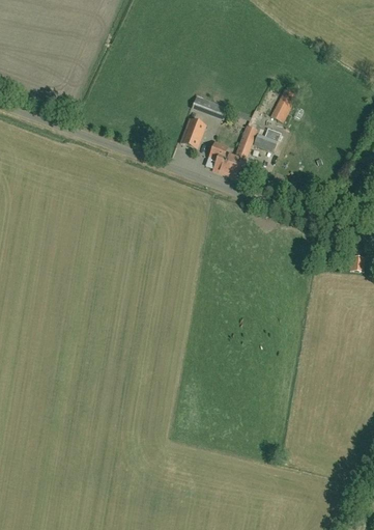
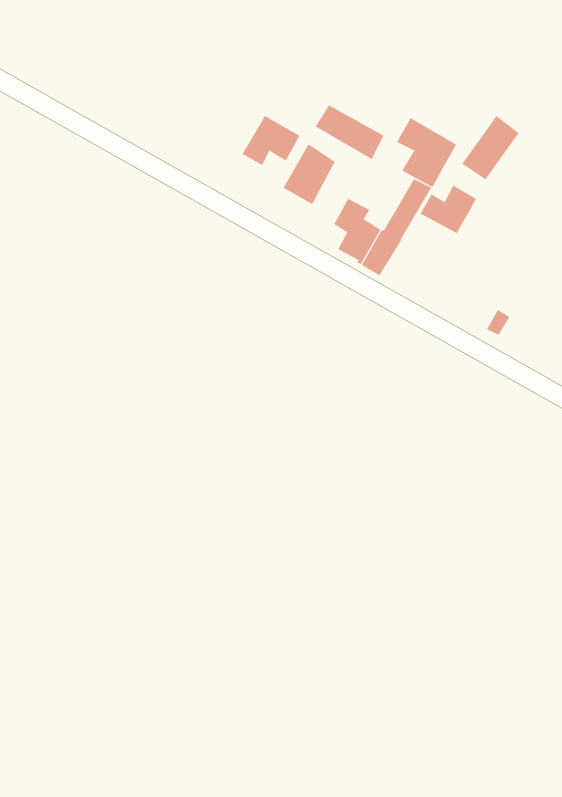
building: none -> [396,117,457,188]
building: none -> [242,115,300,166]

